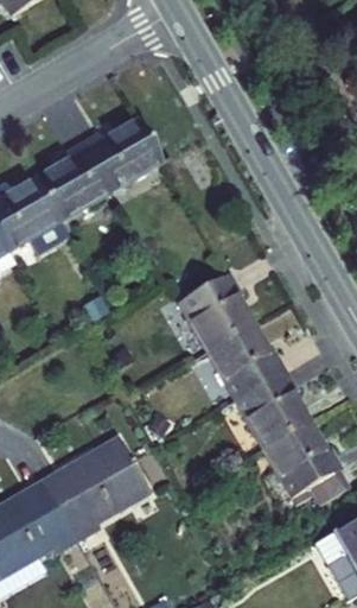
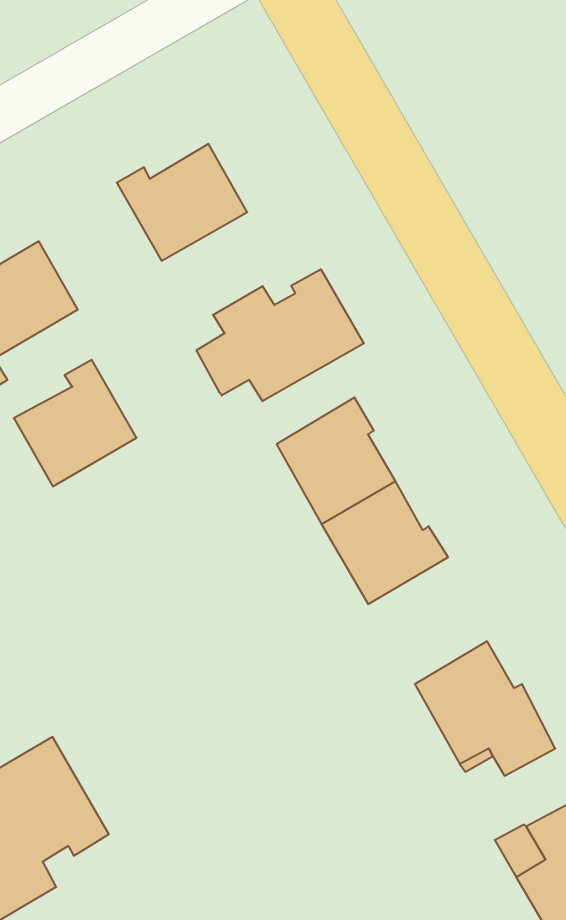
building: [36,142,110,220] -> [14,360,137,486]
building: none -> [197,269,364,401]
building: [236,370,308,448] -> none
building: [44,436,151,539] -> none

